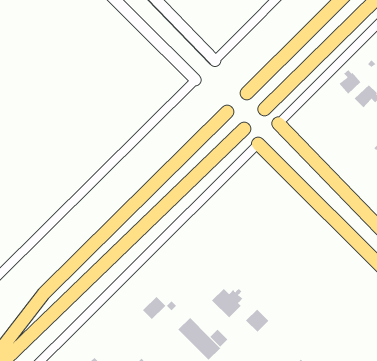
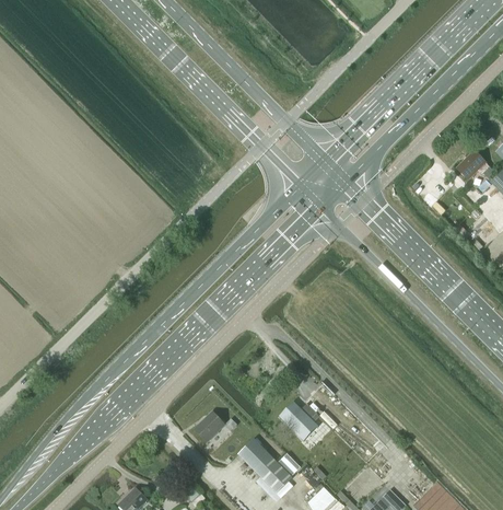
building: [338,69,361,94] -> none
building: [245,309,269,333] -> none

